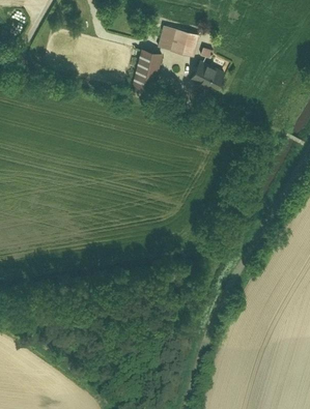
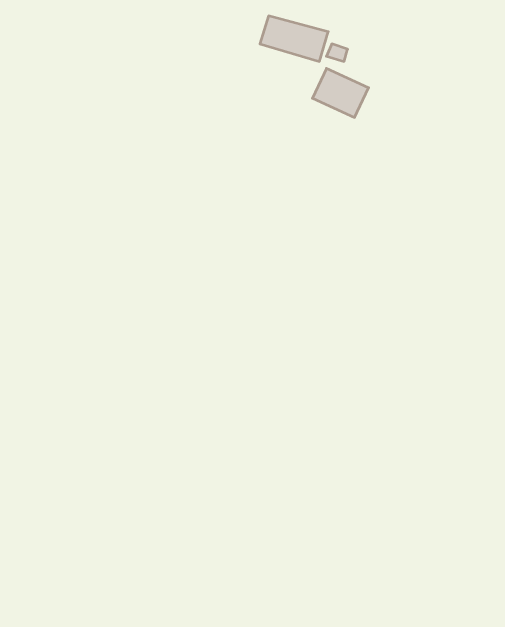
building: [132,53,160,94] -> none

